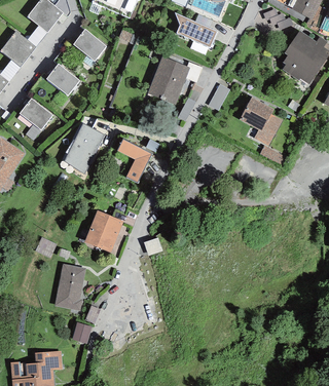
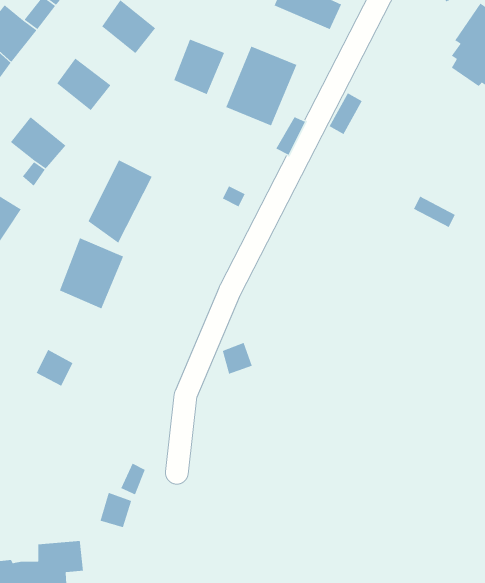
building: none -> [173,39,225,95]
building: [240,97,282,145] -> none
building: [117,139,152,182] -> none
building: [84,209,123,253] -> [59,237,124,310]
building: [54,263,85,310] -> none

